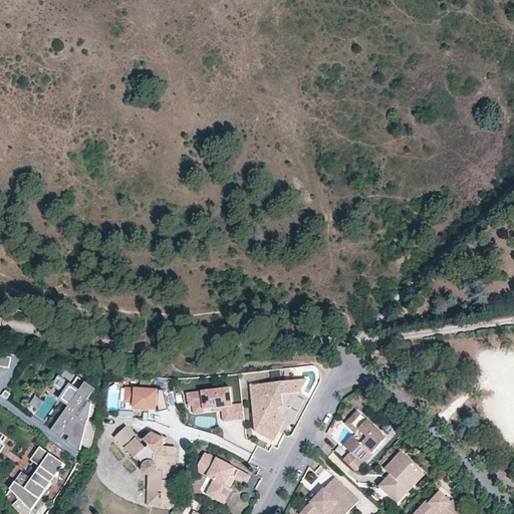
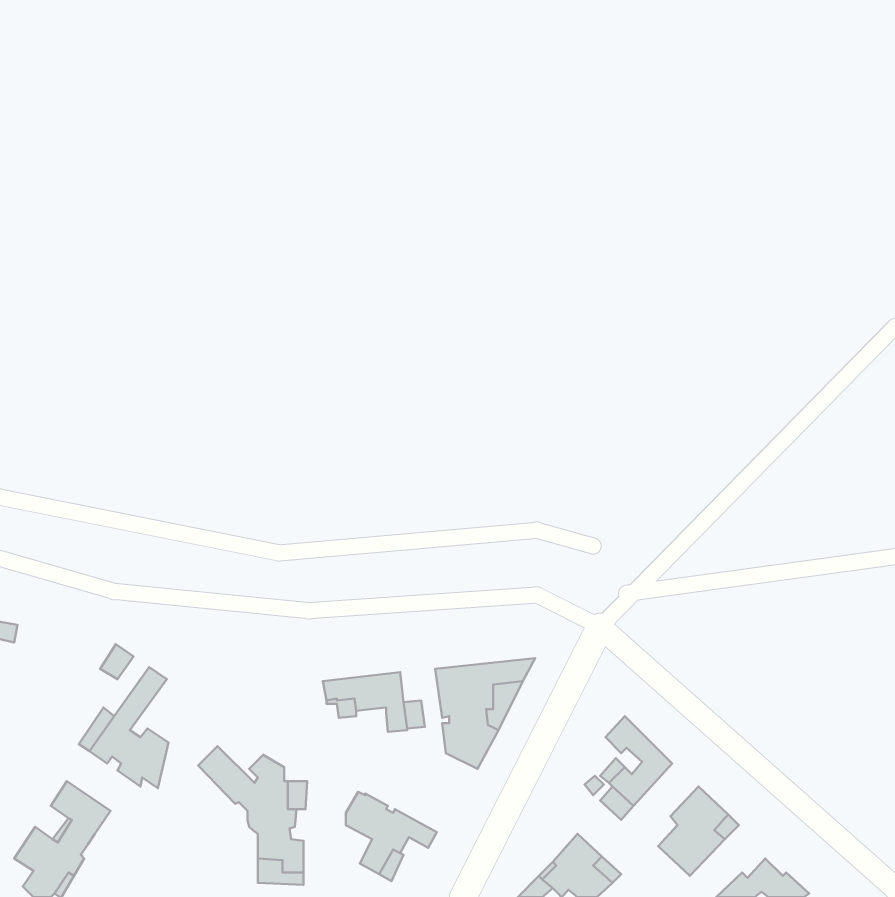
building: [124,388,168,411] -> none

